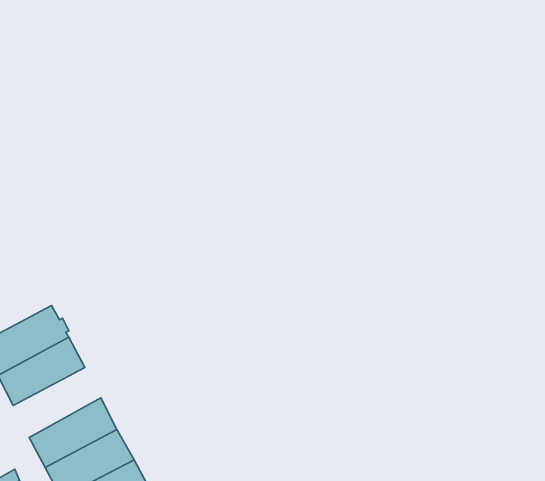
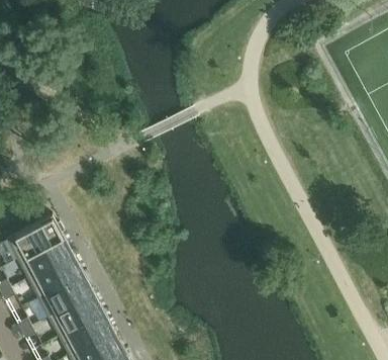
building: none -> [27,255,83,299]

